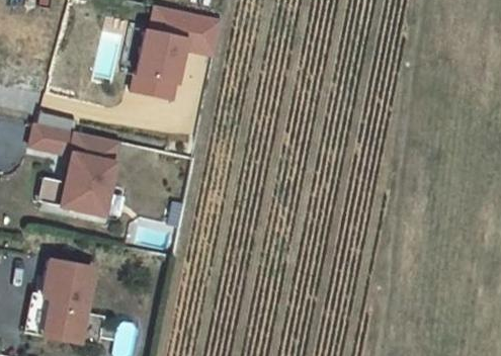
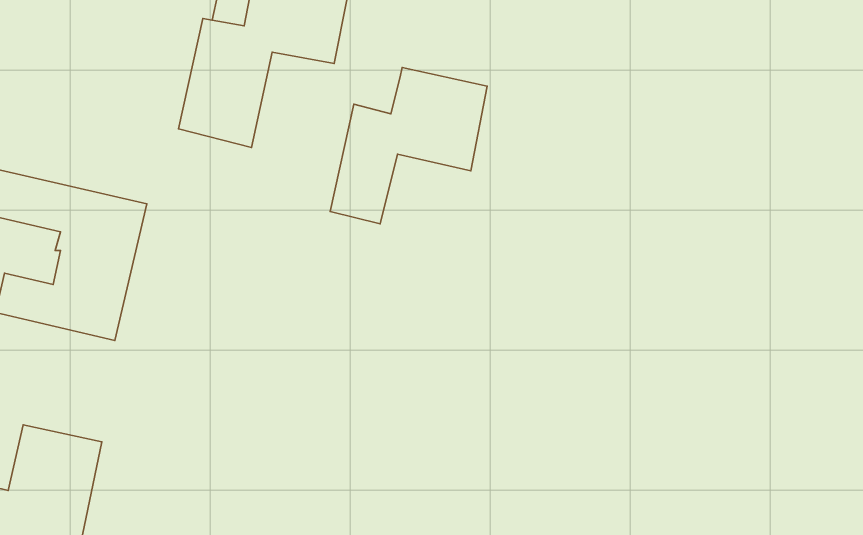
building: none -> [330,67,487,224]

